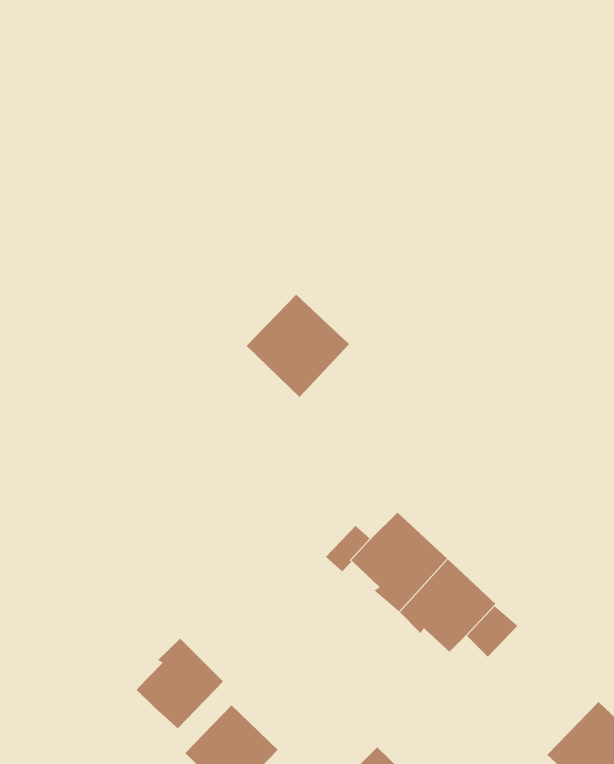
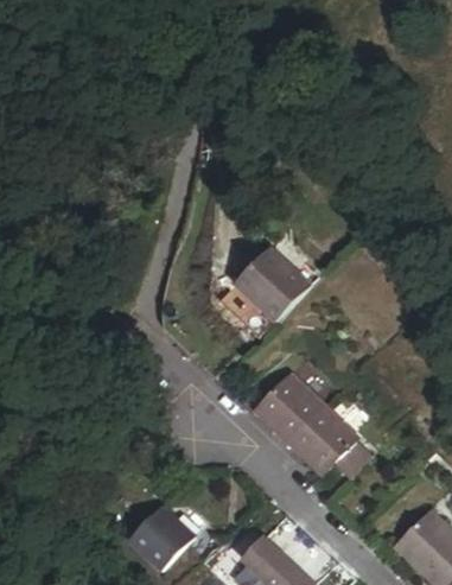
building: [246,294,350,398] -> [234,248,307,322]
building: [136,638,224,729] -> none

